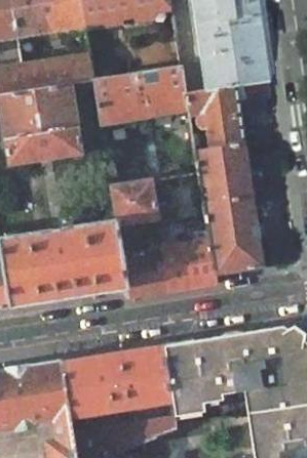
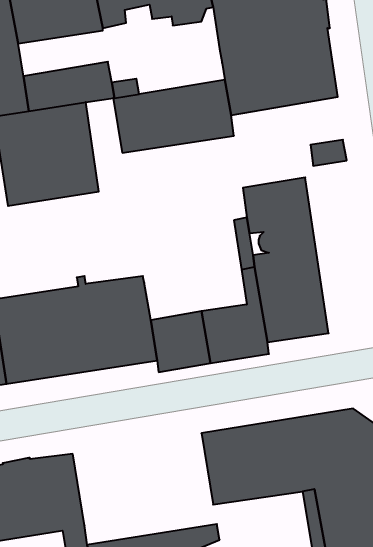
building: [186,80,272,152] -> none
building: [110,180,158,226] -> none
building: [61,345,171,418] -> none

